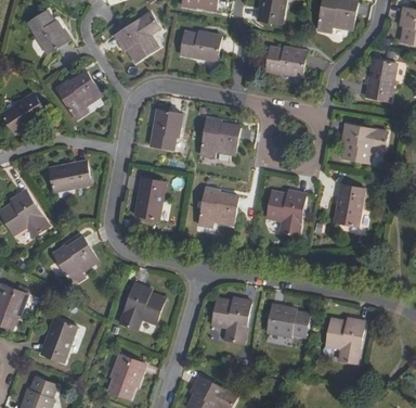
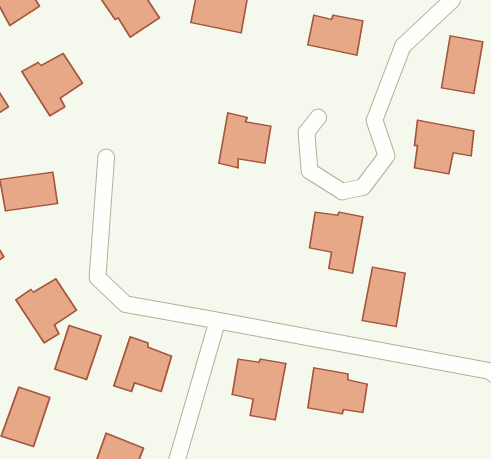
building: [153,110,184,150] -> none
building: [132,179,164,222] -> none
building: [332,183,363,227] -> [362,267,405,327]
building: [198,189,238,230] -> none
building: none -> [55,325,101,379]
building: [326,319,365,364] -> none

